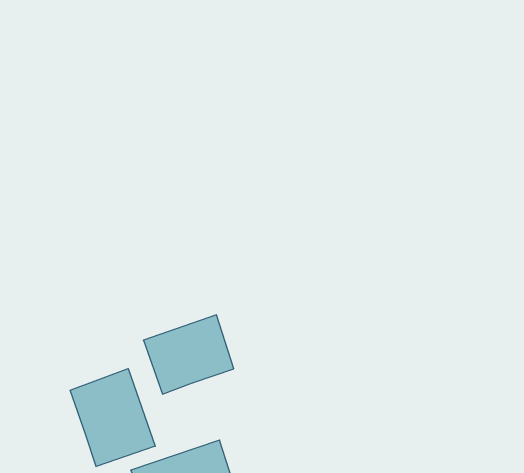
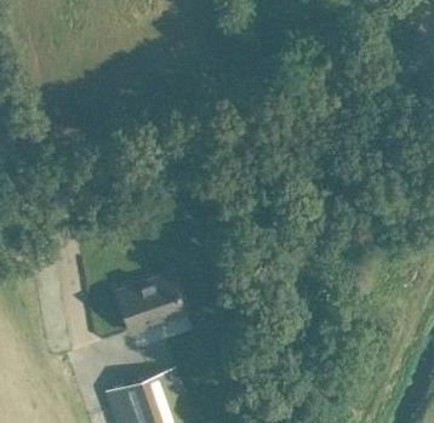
building: [70,369,155,467] -> none

